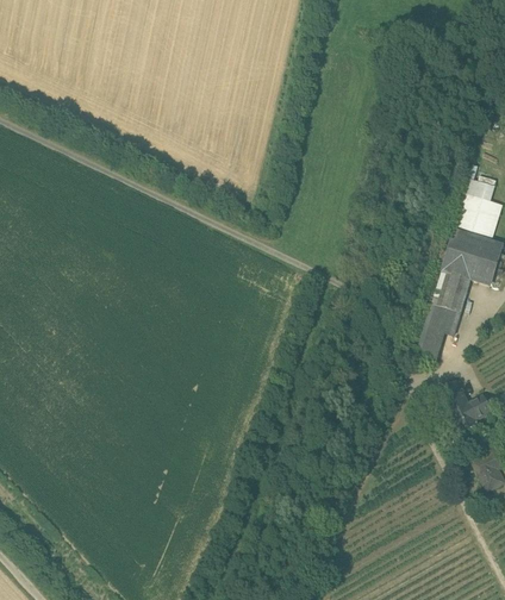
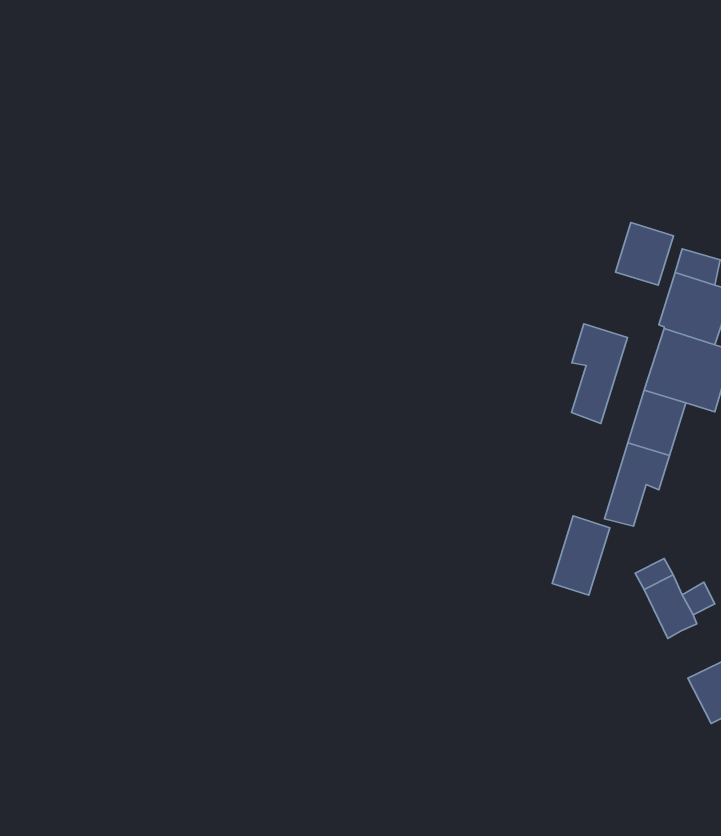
building: none -> [615,223,674,285]
building: none -> [572,324,627,424]
building: none -> [552,516,610,595]

